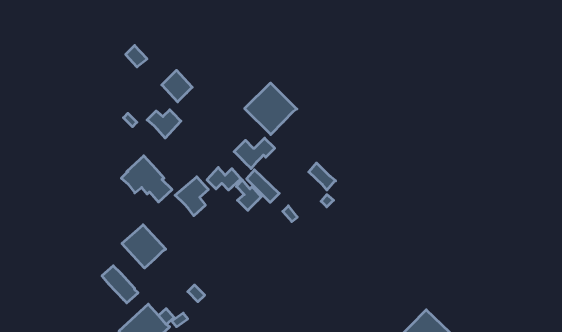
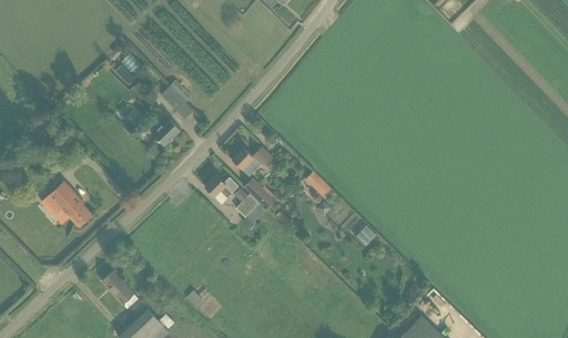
building: [245,83,297,135] -> none
building: [121,156,172,202] -> [42,181,92,226]
building: [175,177,208,216] -> none
building: [122,225,166,268] -> none

